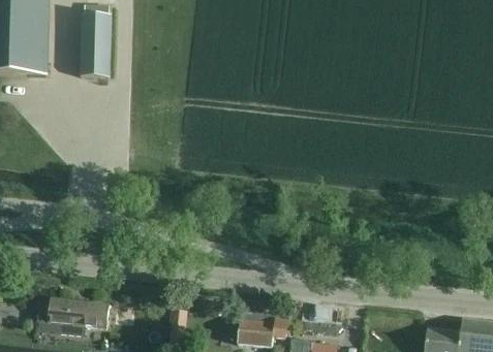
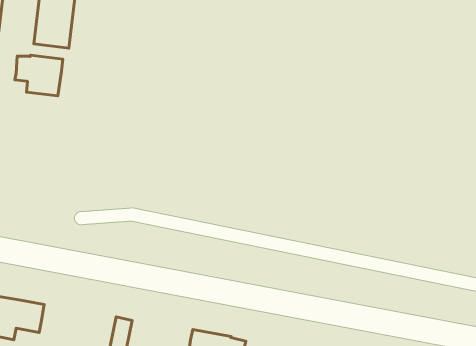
building: none -> [15,55,63,96]

